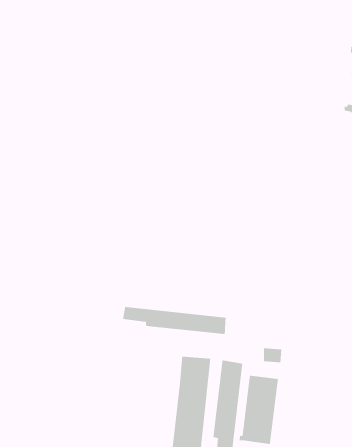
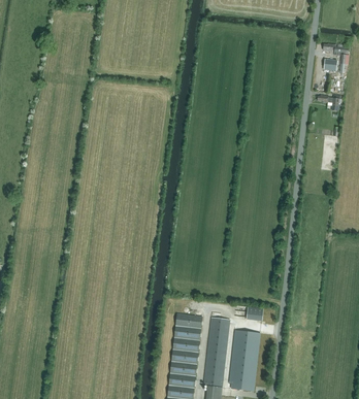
building: [122,306,226,335] -> none

